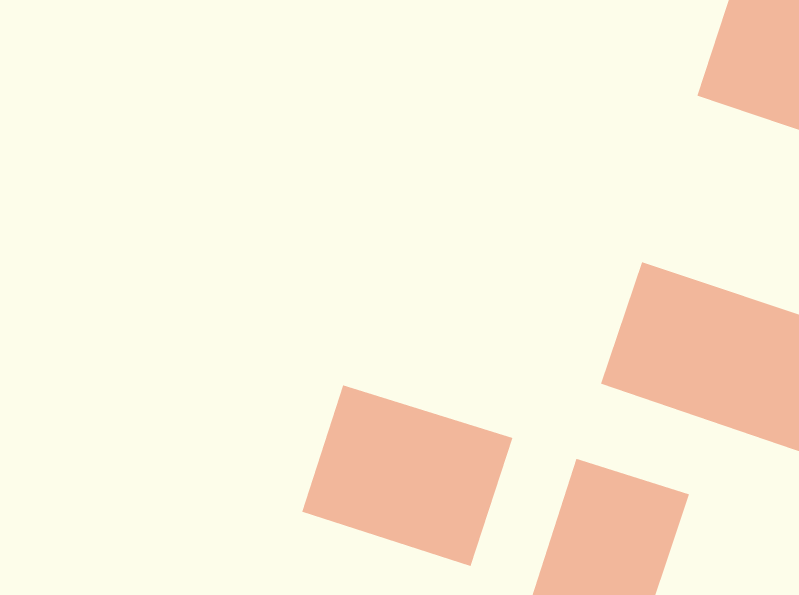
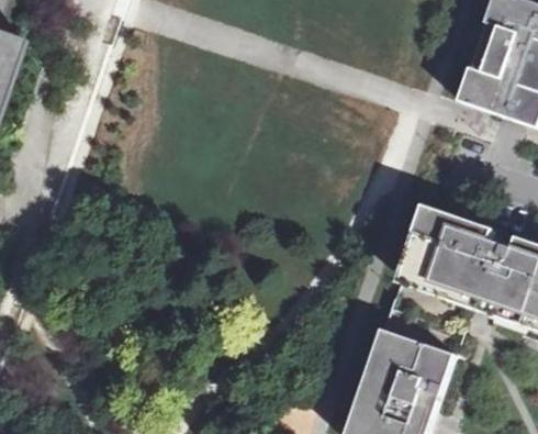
building: [302,384,513,567] -> none

